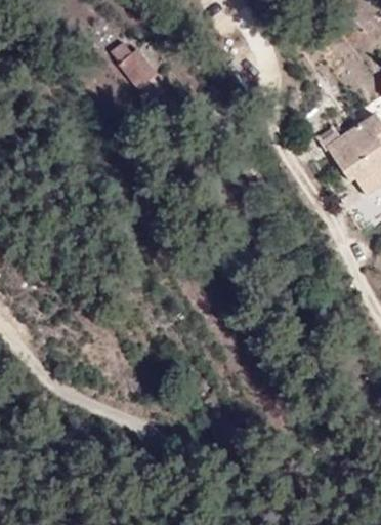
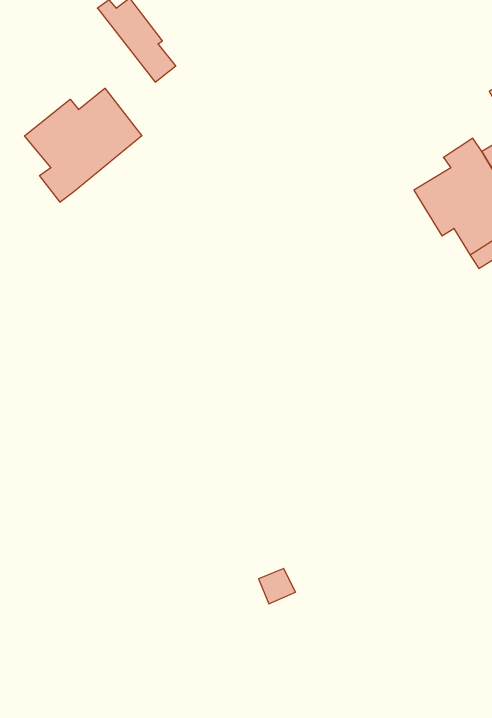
building: none -> [25,88,142,202]

